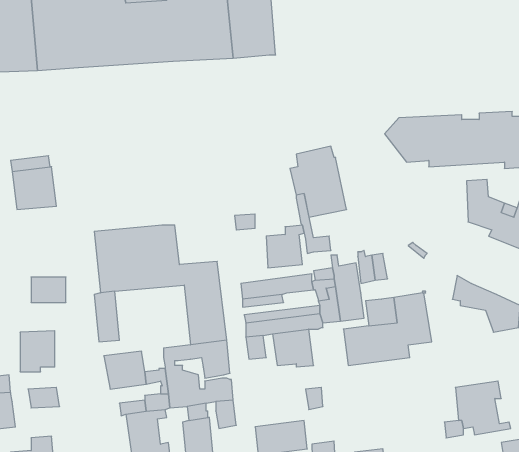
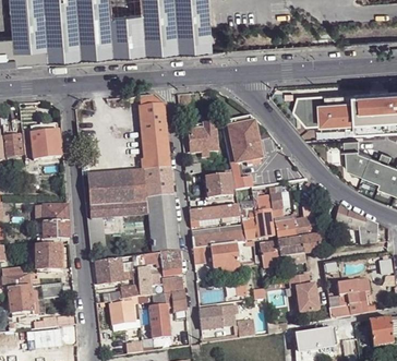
building: none -> [140,94,172,196]
building: none -> [187,121,217,155]
building: none -> [44,222,69,240]
building: none -> [289,273,318,312]

